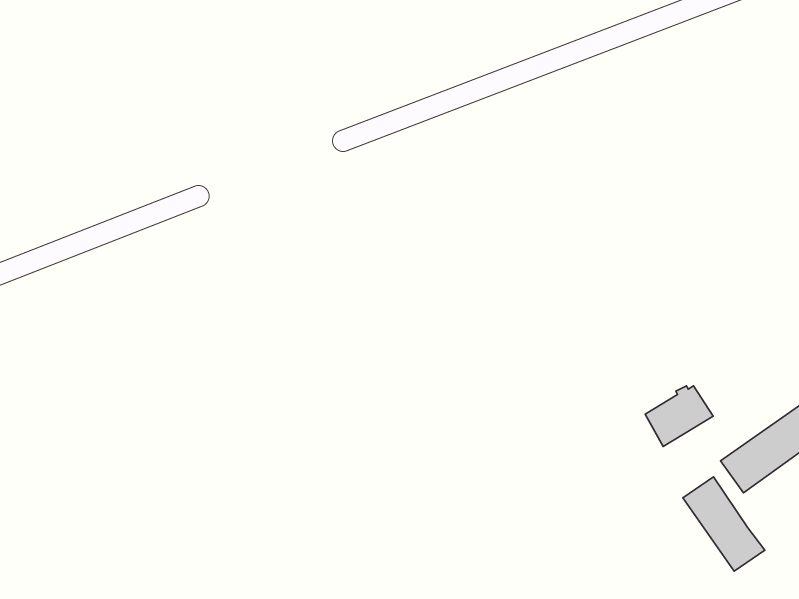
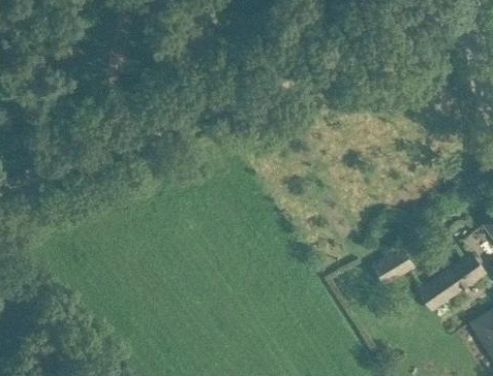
building: [683,477,765,571] -> none

